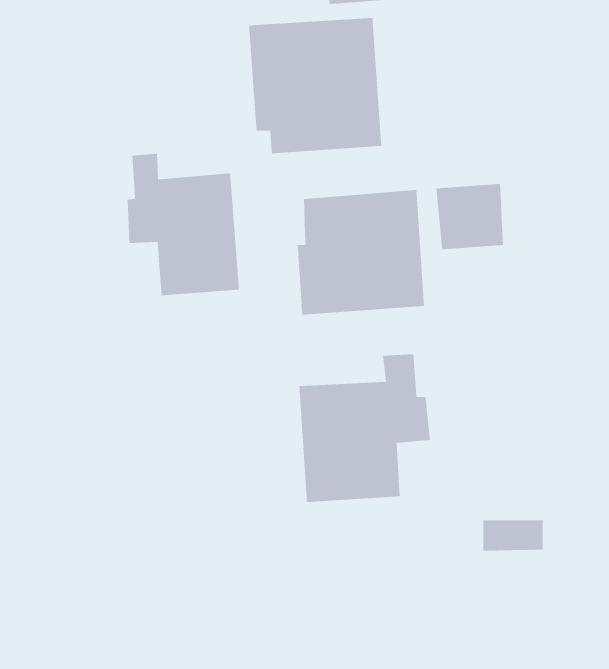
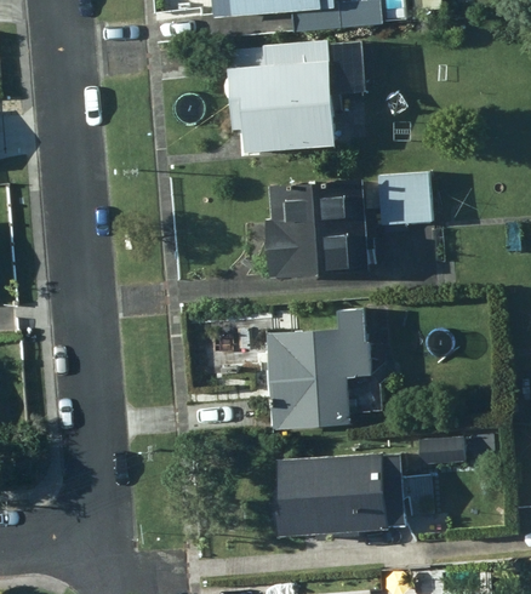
building: [127,153,240,296] -> none
building: none -> [274,452,406,536]

